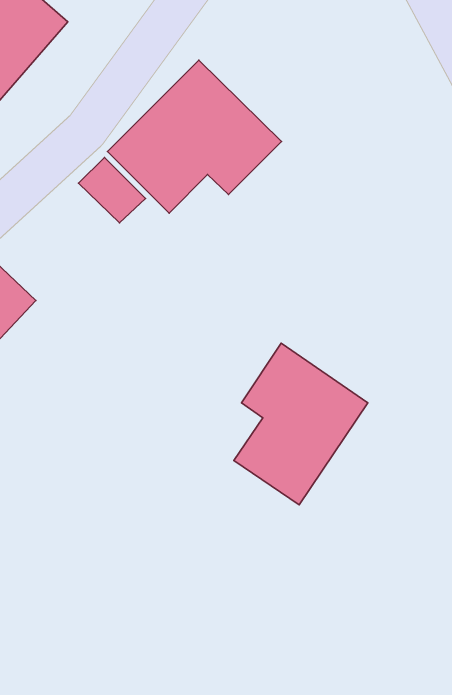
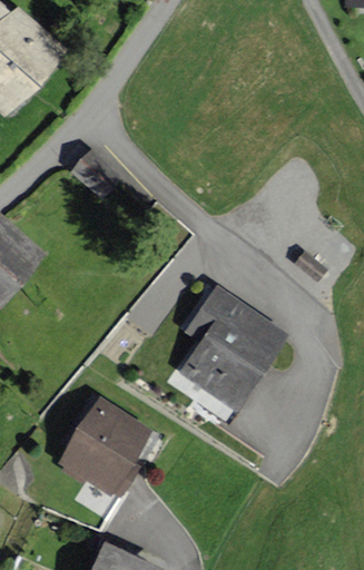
building: [108,60,282,213] -> none
building: none -> [68,406,145,492]

